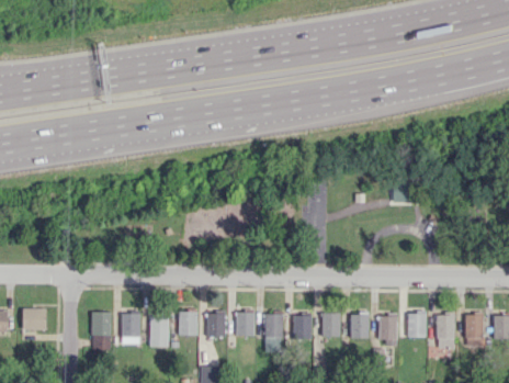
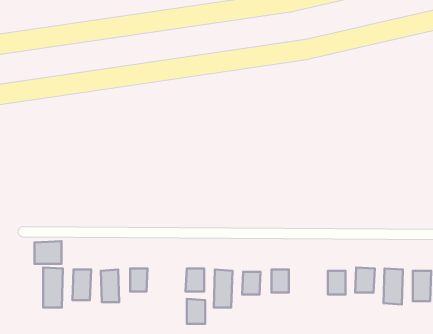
building: none -> [35,241,62,264]
building: [207,311,226,336] -> [187,299,205,324]
building: [350,312,369,338] -> none

